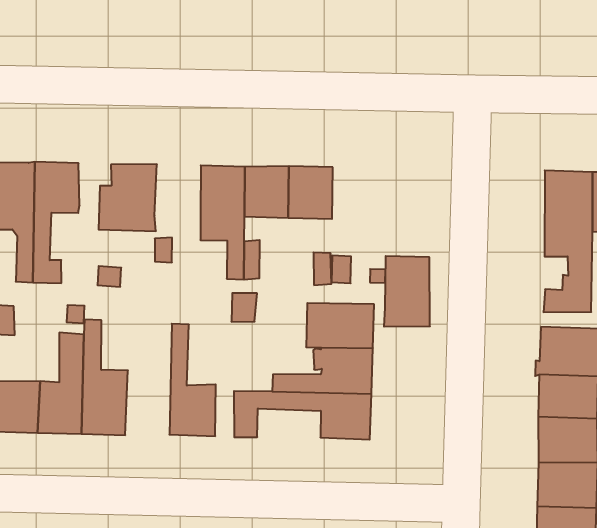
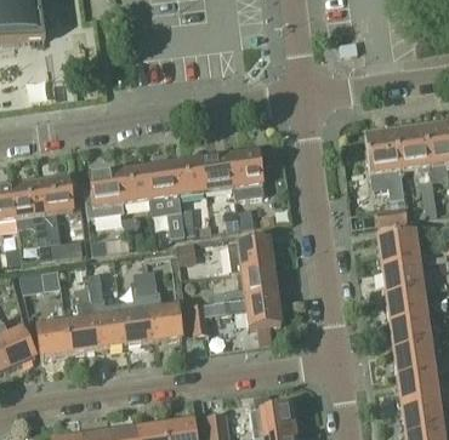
building: none -> [118,166,150,202]
building: [384,256,430,327] -> [229,150,265,199]
building: none -> [120,269,153,344]

